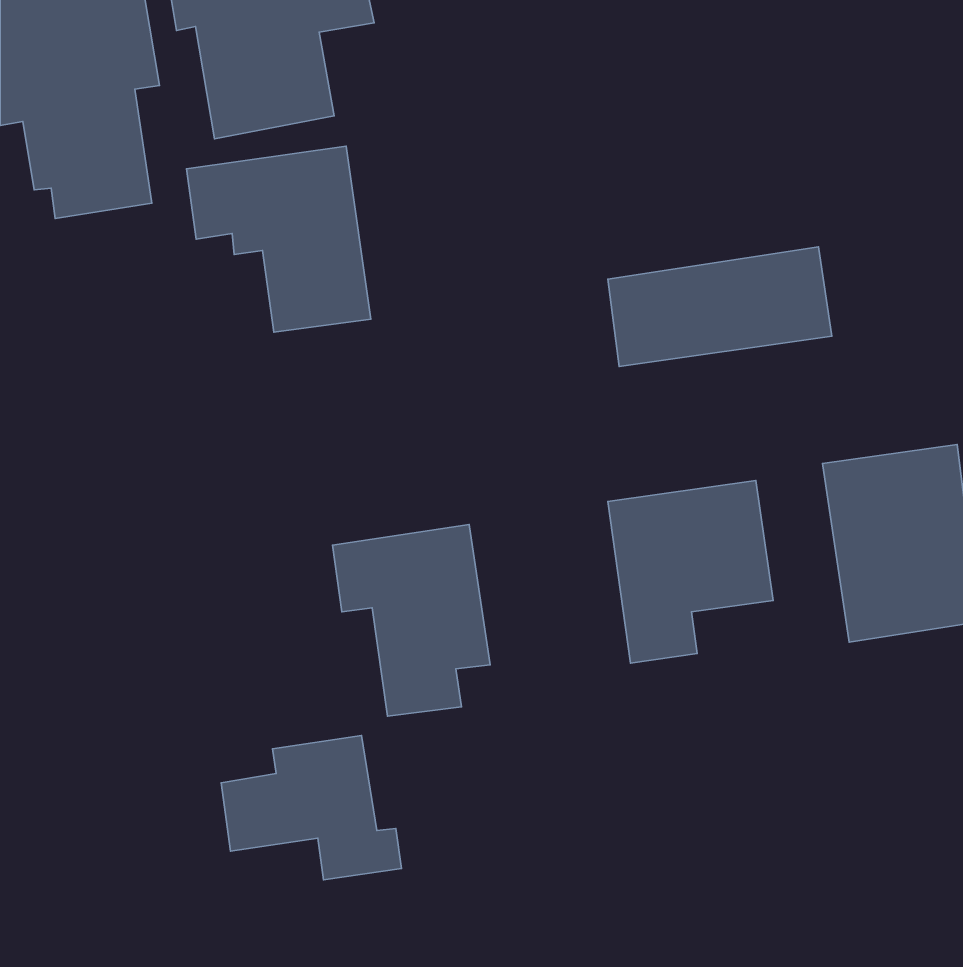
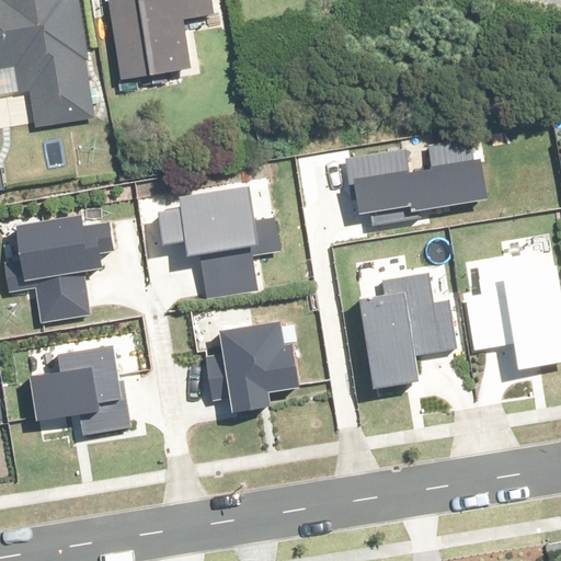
building: [187,146,371,332] -> [154,192,261,299]
building: none -> [15,213,107,321]
building: [221,735,402,880] -> [26,351,130,434]

